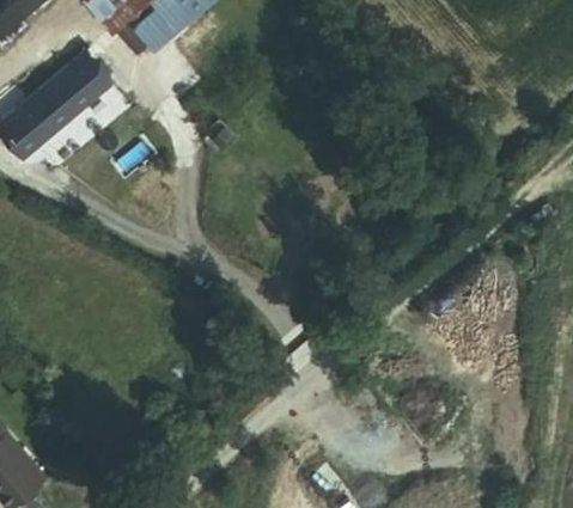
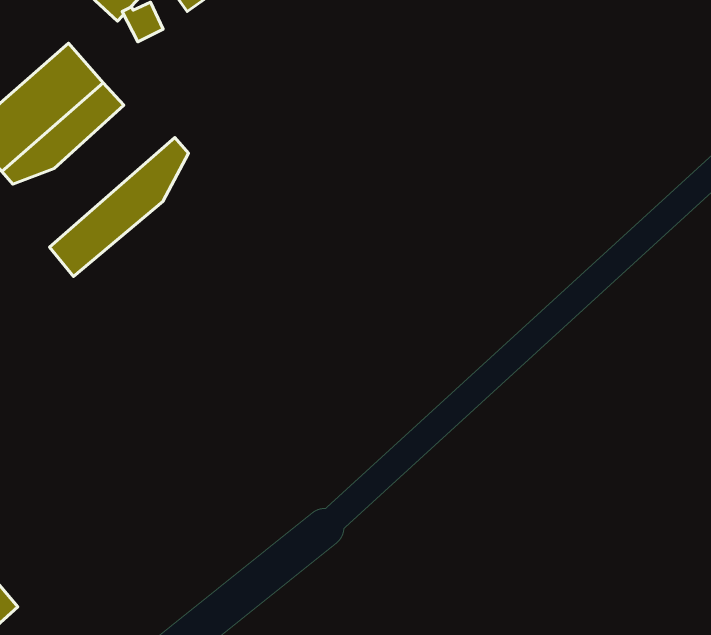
building: none -> [49,137,189,276]

